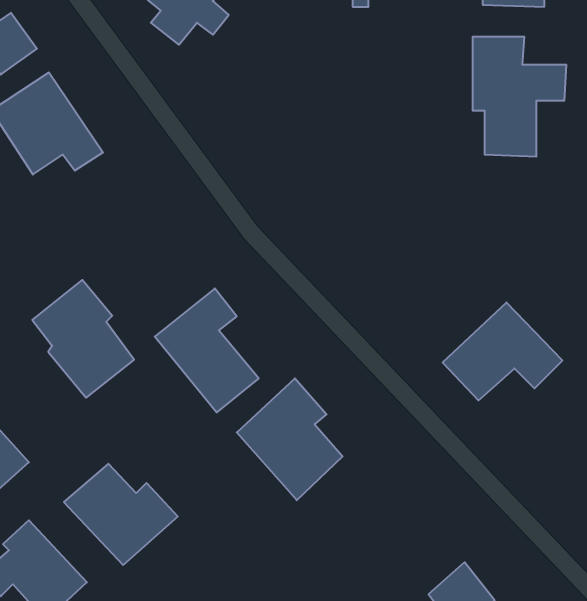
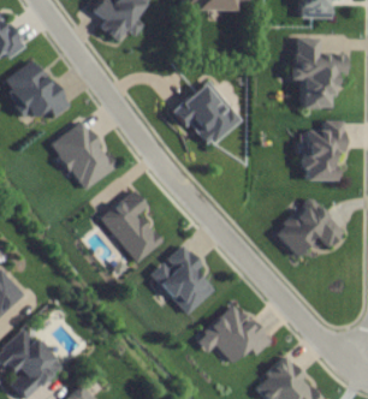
building: none -> [172,79,241,148]
building: none -> [298,121,345,181]
building: [32,280,134,398] -> [52,120,113,191]
building: [64,464,178,565] -> none
building: none -> [192,303,268,362]

